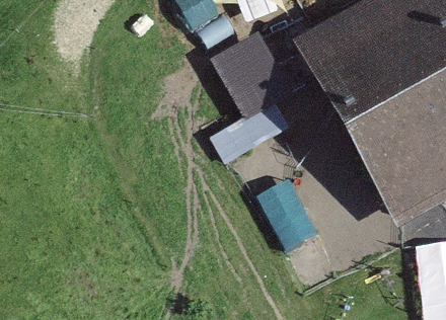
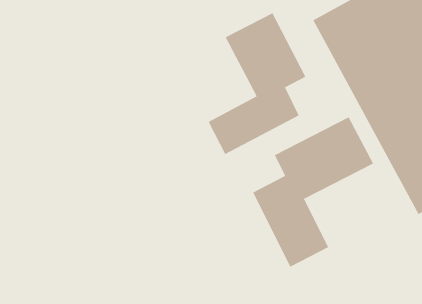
building: none -> [252,116,374,268]

